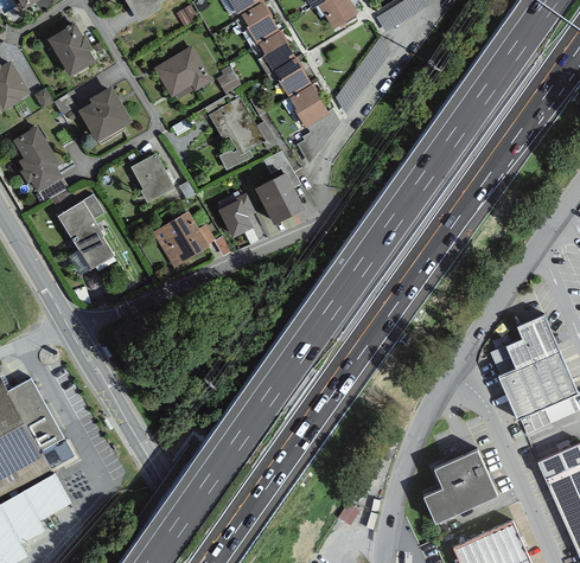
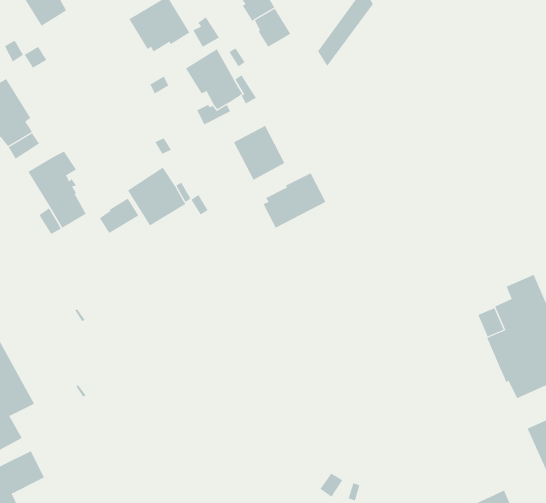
building: [288,83,327,127] -> none
building: [77,84,132,141] -> none
building: [129,153,173,201] -> none
building: [217,193,255,237] -> none
building: none -> [263,173,326,228]
building: none -> [99,198,139,234]
building: [422,448,496,520] -> none

